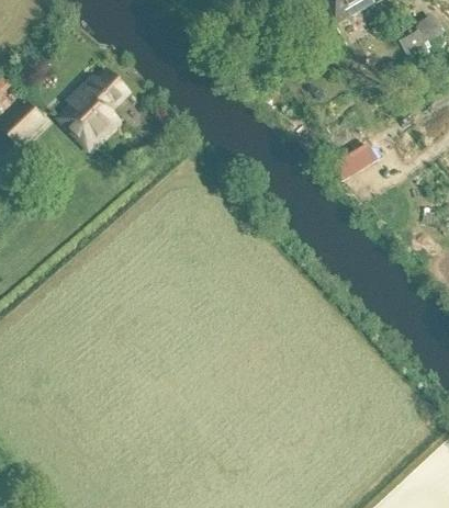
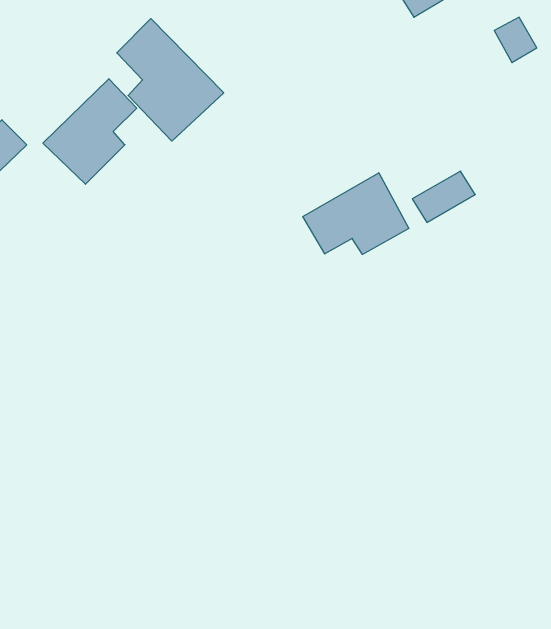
building: none -> [117,19,224,141]
building: none -> [303,173,409,254]

